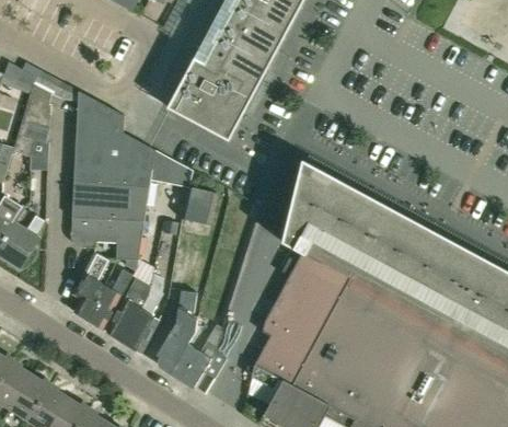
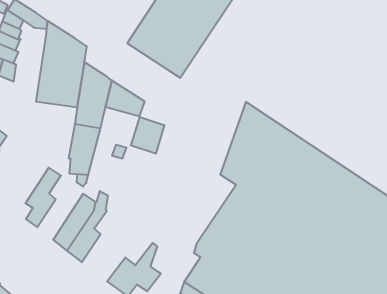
building: [70,181,118,246] -> none
building: [86,269,130,328] -> none
building: [155,289,196,371] -> none

